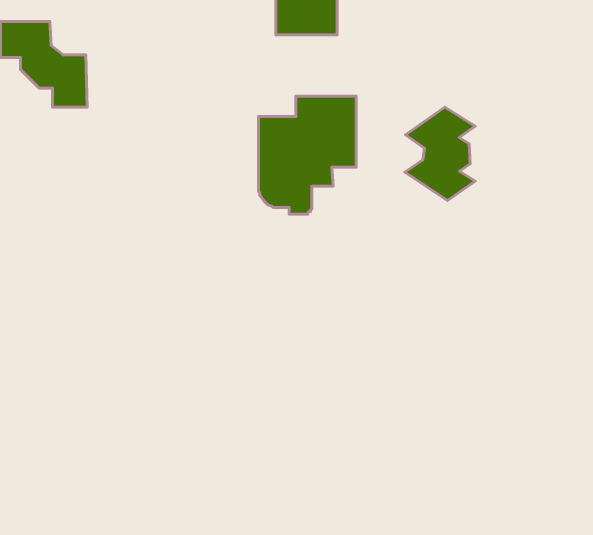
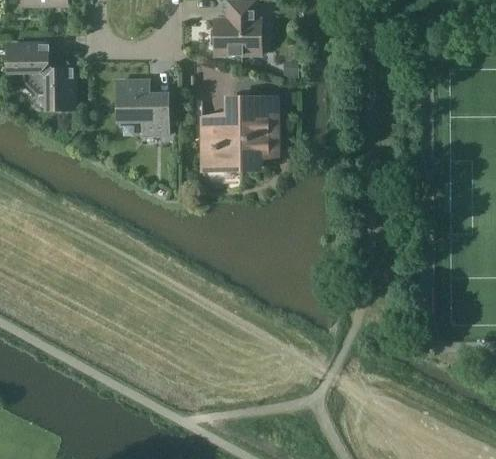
building: none -> [119,79,168,133]
building: [405,107,475,200] -> none

